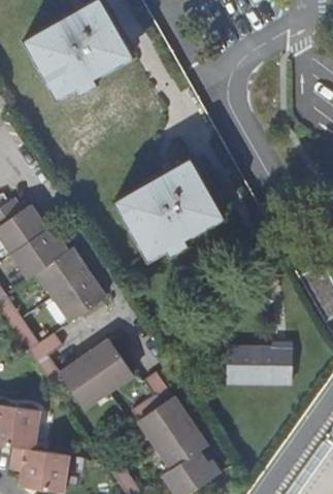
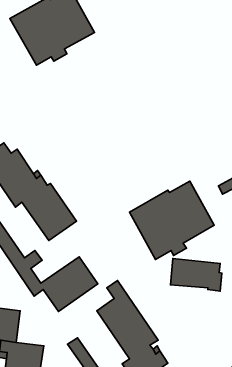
building: [115,163,223,262] -> [129,181,214,259]

